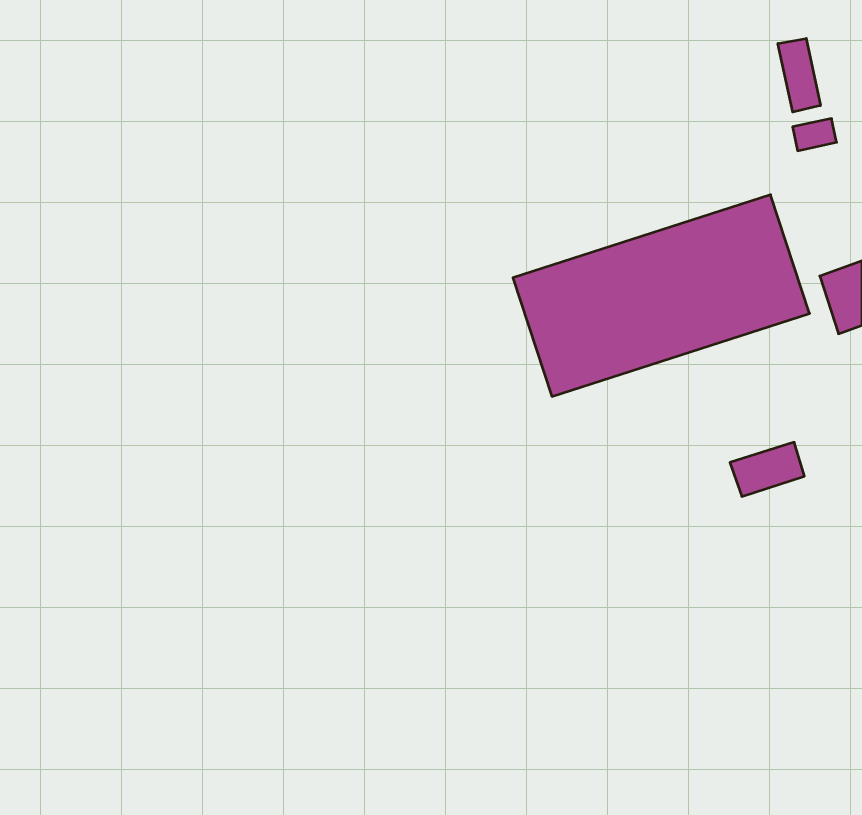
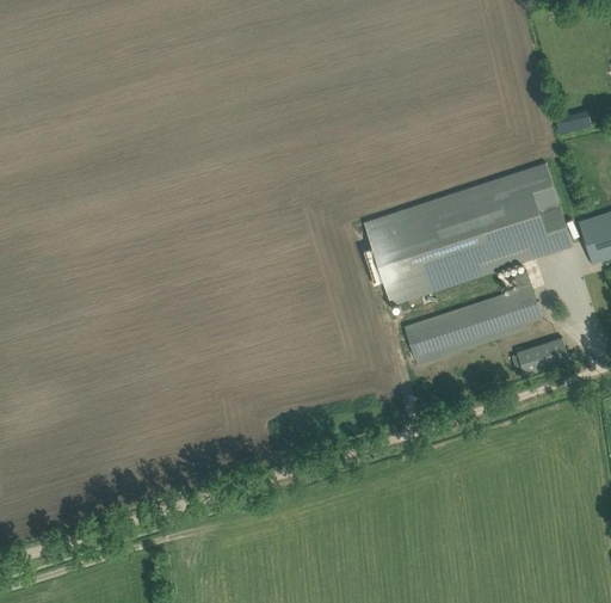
building: [778,38,820,112] -> none
building: none -> [403,270,541,365]

